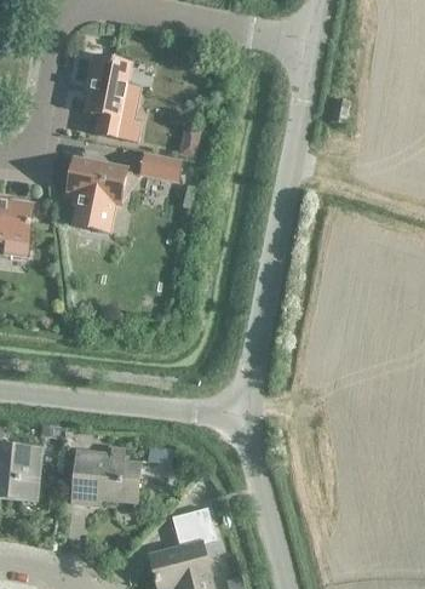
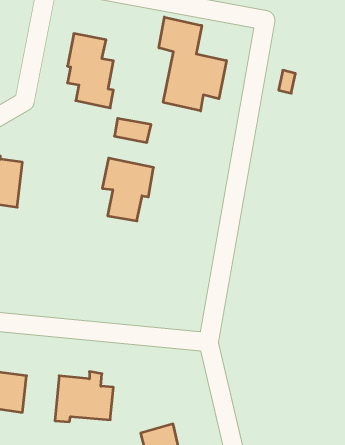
building: none -> [159,17,226,111]
building: [67,158,126,230] -> [102,158,154,221]

